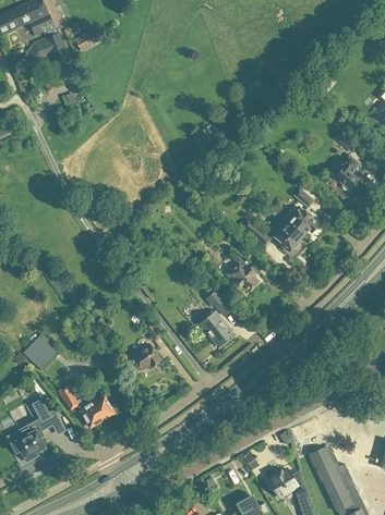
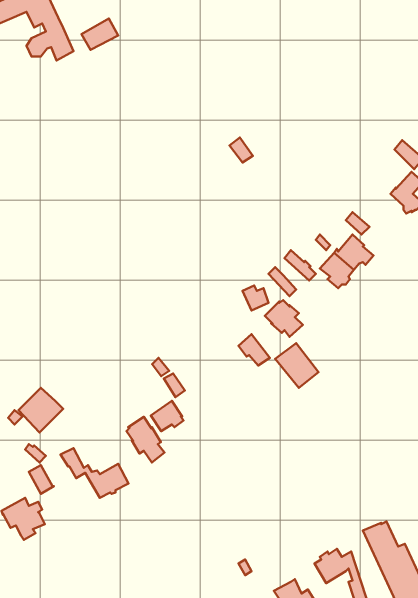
building: [197,310,233,347] -> [275,343,318,388]
building: none -> [127,417,165,463]

